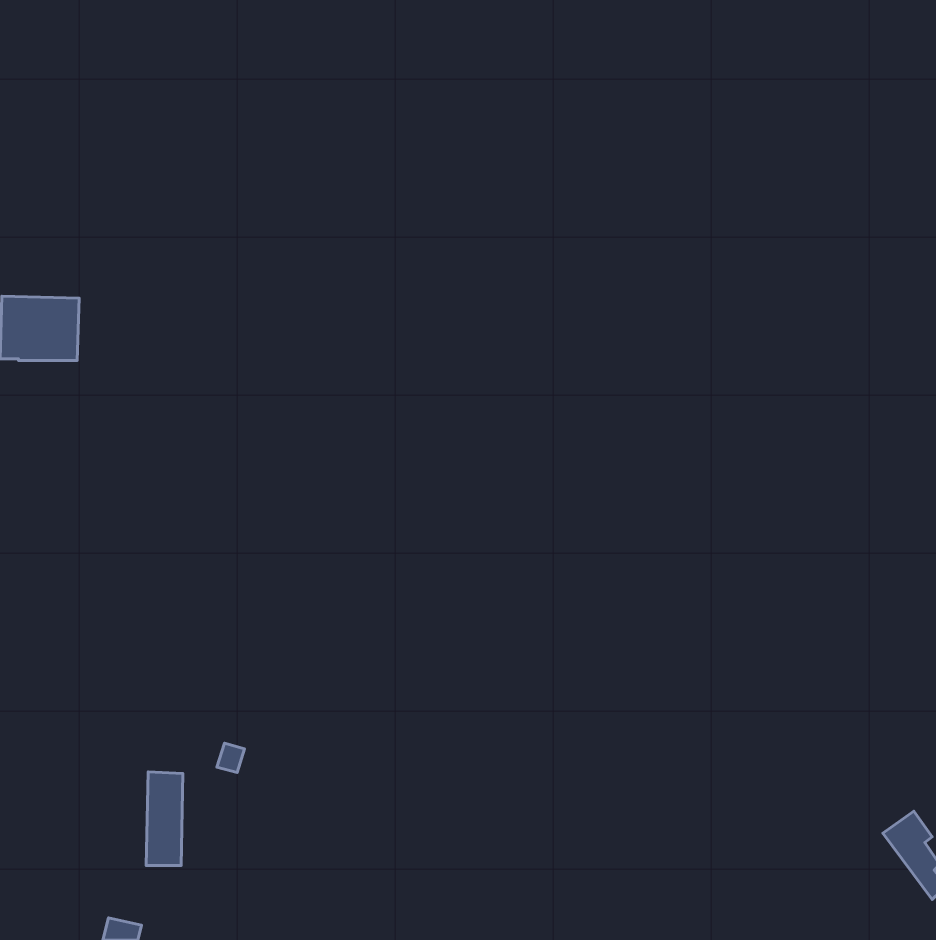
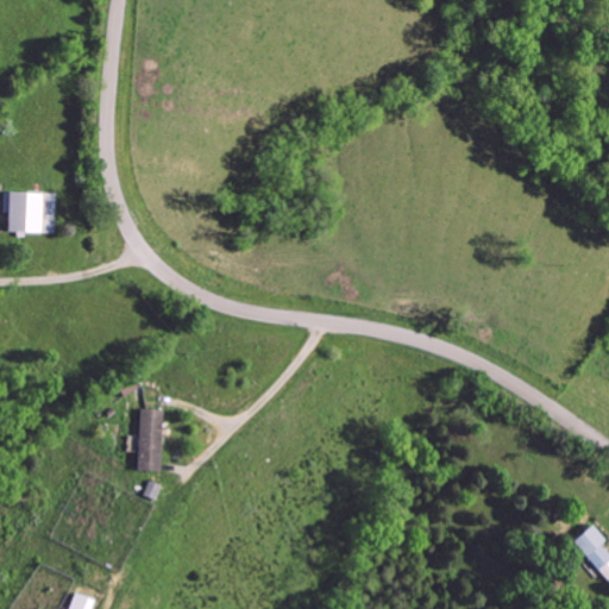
building: [146,772,183,866] -> [138,409,162,470]

